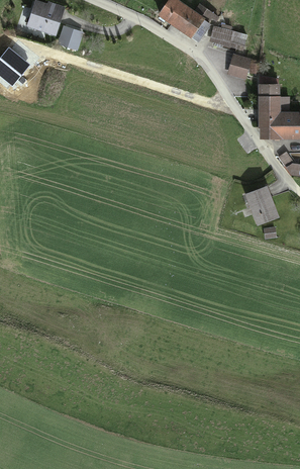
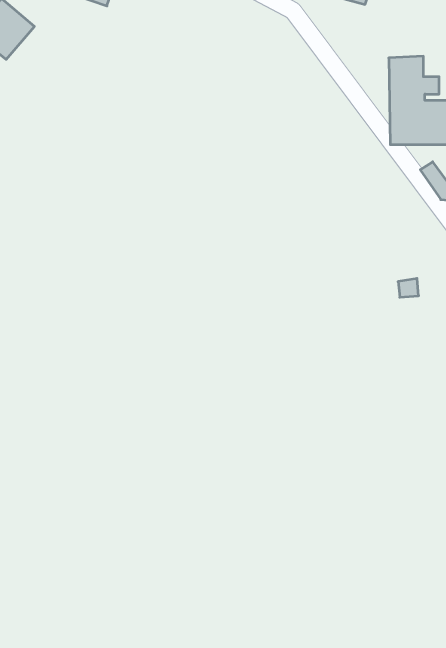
building: [227,53,252,79] -> none
building: [245,185,280,225] -> none

